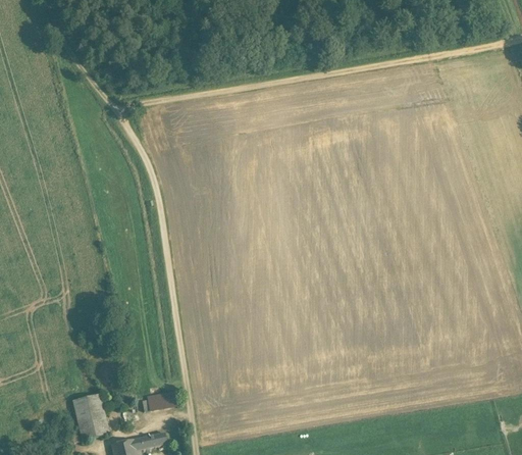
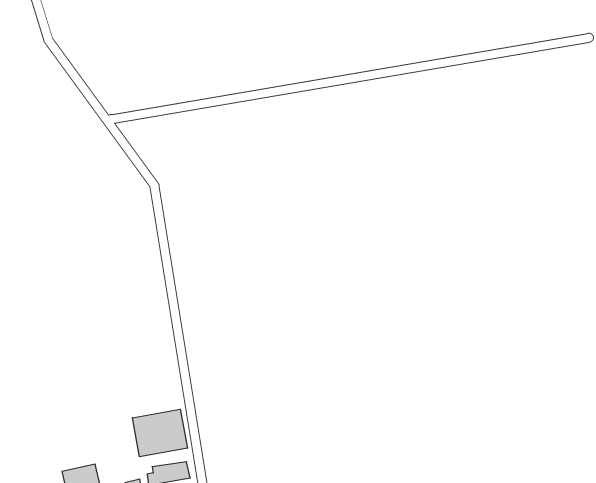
building: none -> [132,409,187,457]

